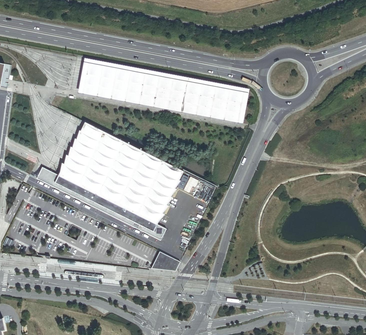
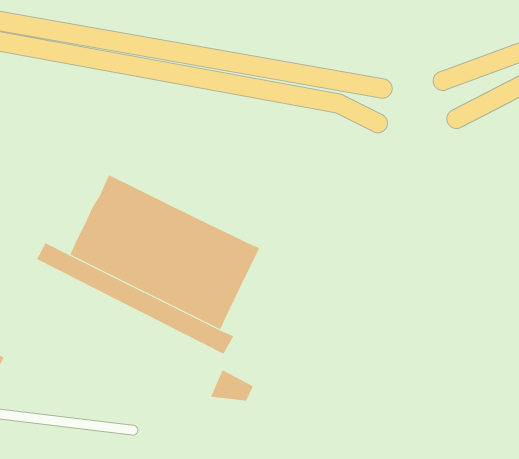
building: [77,58,247,121] -> none

